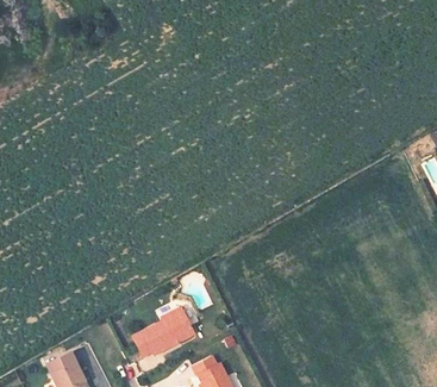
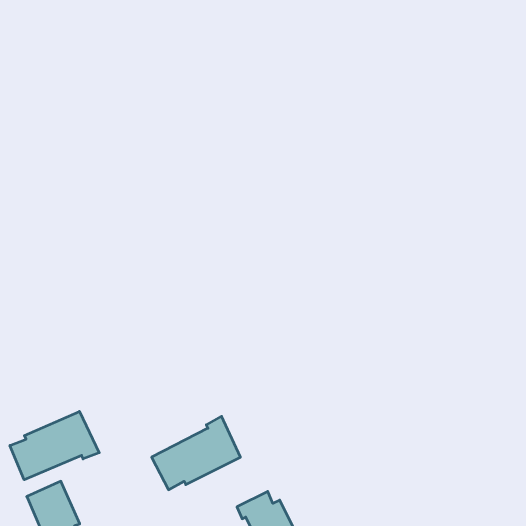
building: none -> [10,411,99,480]

